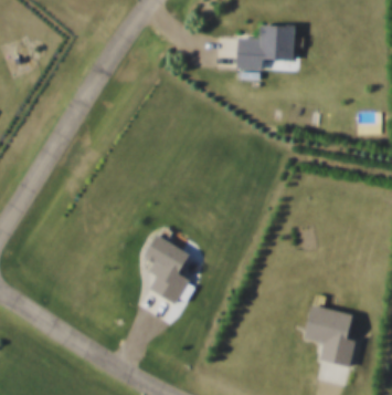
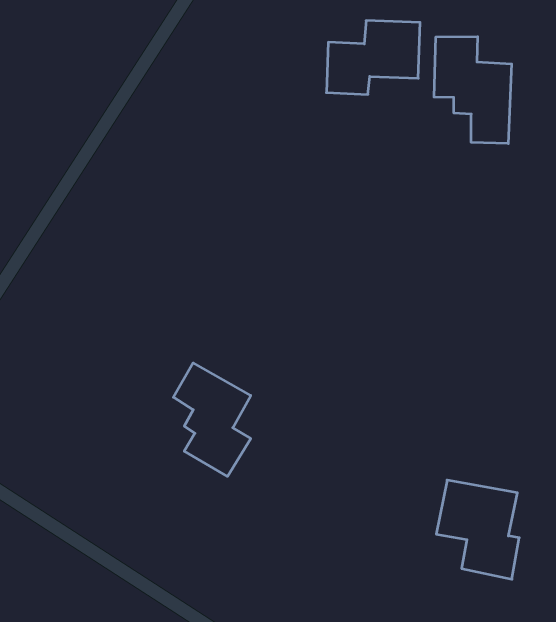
building: none -> [434,37,512,144]

